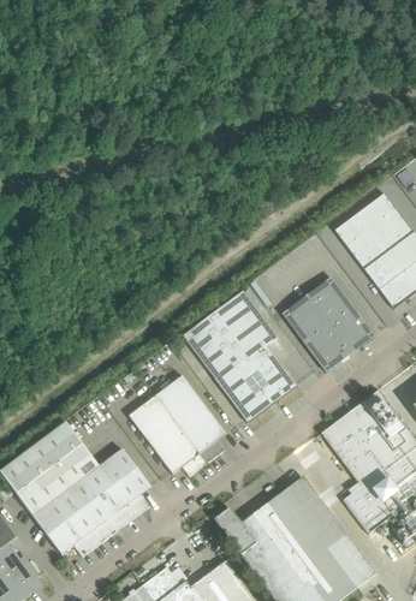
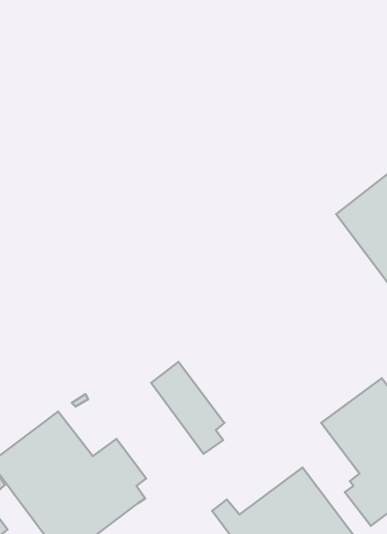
building: [281,276,374,371] -> none
building: [183,290,296,422] -> none
building: [127,394,206,476] -> none

